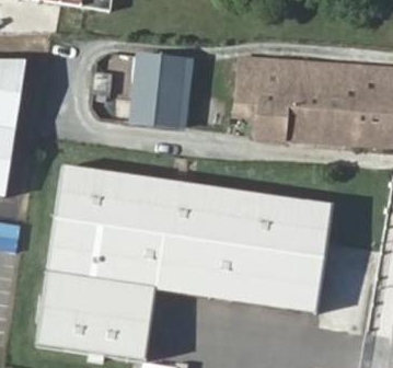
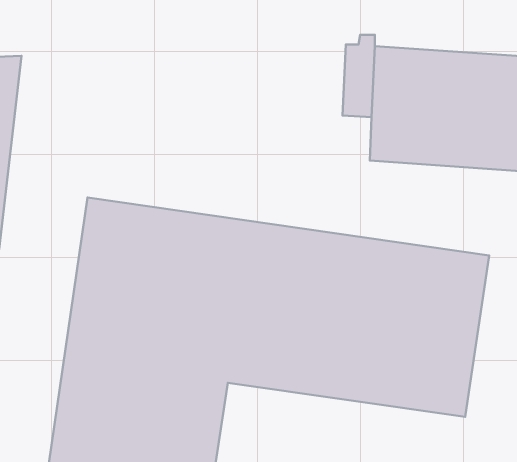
building: [134,56,177,125] -> none

